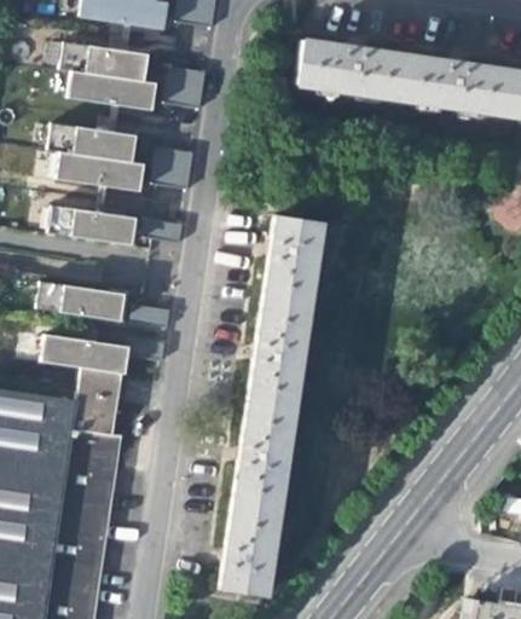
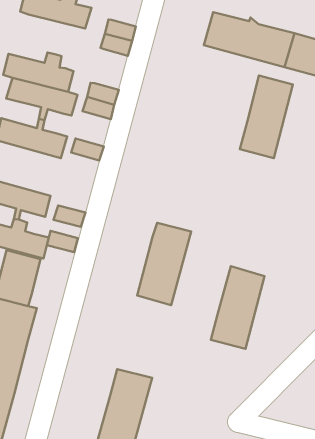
building: [68,71,156,118] -> none
building: [261,218,318,318] -> [240,76,293,158]
building: [232,405,290,505] -> [211,266,265,349]

